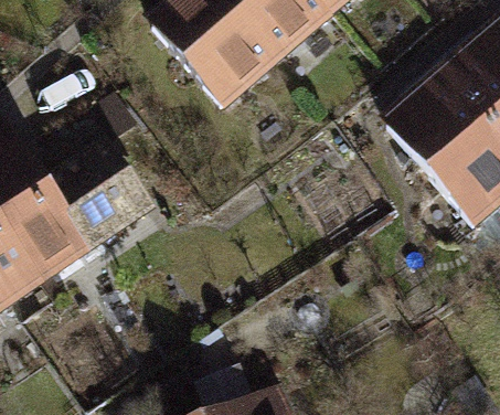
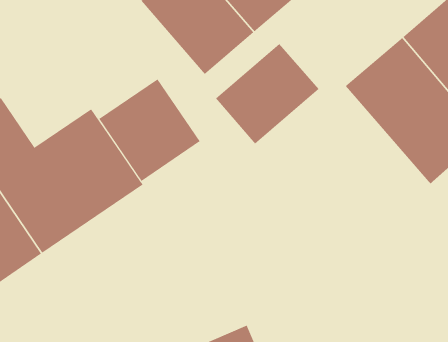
building: none -> [215,43,319,145]
building: none -> [99,78,200,182]

